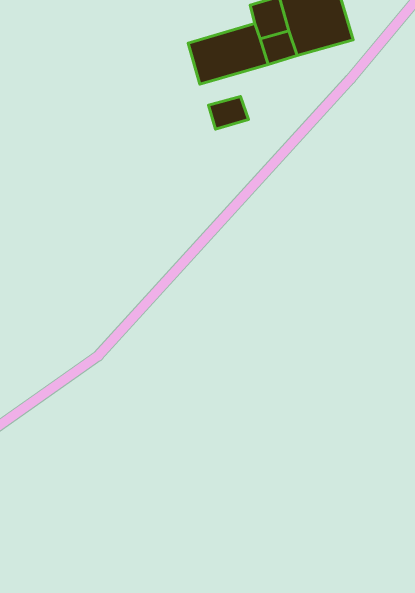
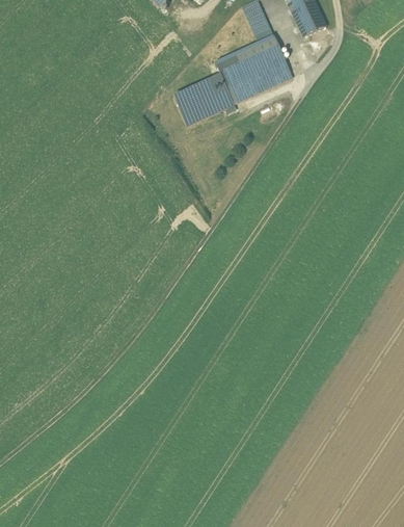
building: [209,97,249,129] -> none

